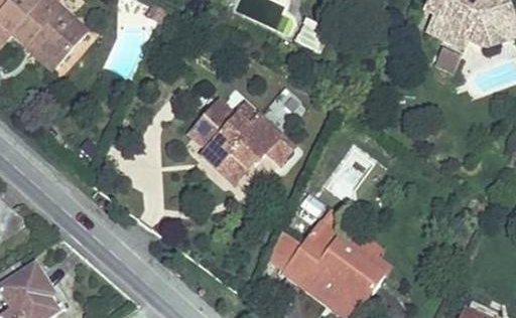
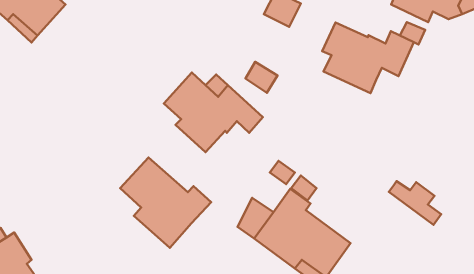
building: none -> [322,22,414,93]
building: none -> [120,157,211,248]
building: [337,232,391,278] -> [389,181,441,225]

